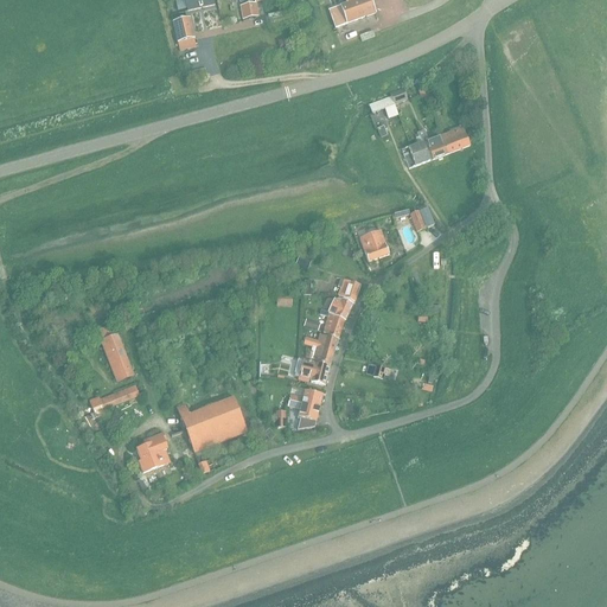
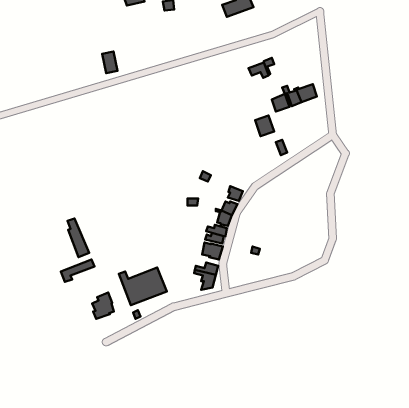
building: [174,15,197,47] -> [102,51,117,73]
building: [359,228,388,258] -> [255,115,274,136]

